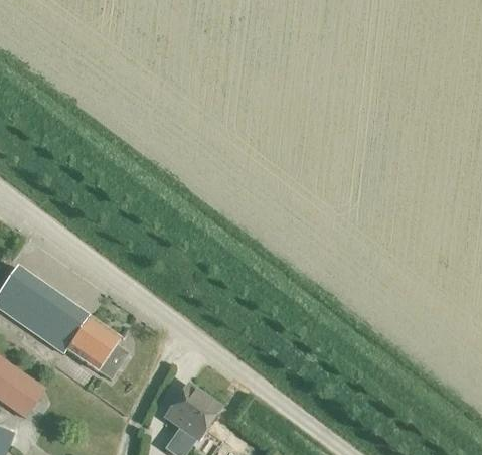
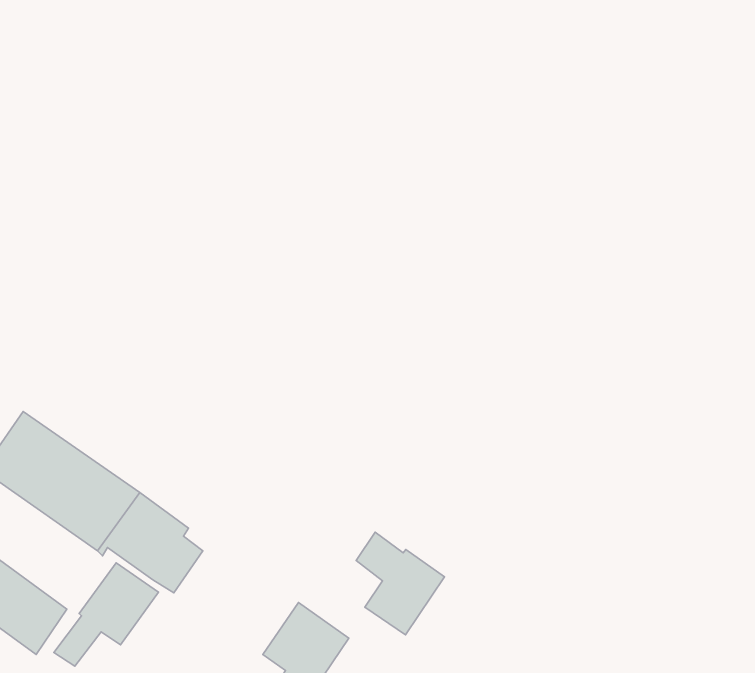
building: none -> [356,532,445,635]
building: none -> [54,563,158,666]

